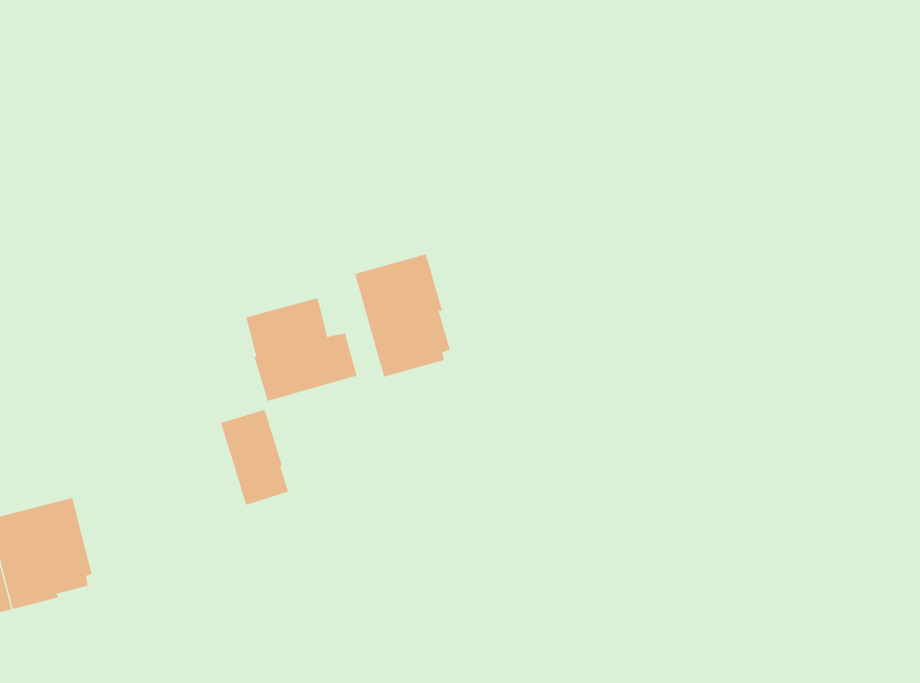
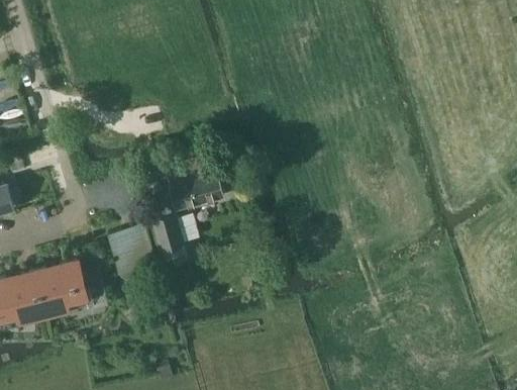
building: [354,254,450,378] -> none
building: none -> [107,225,154,281]

